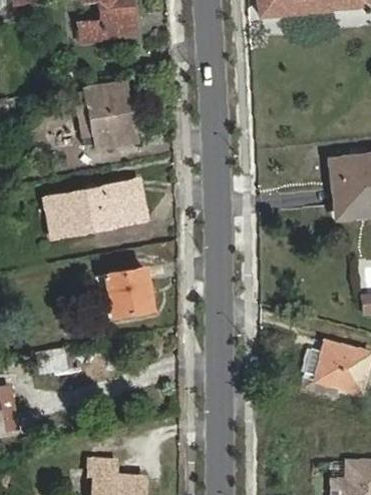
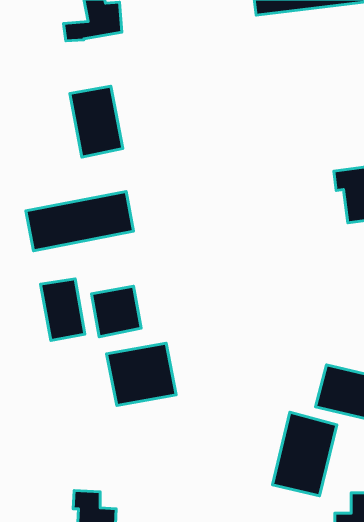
building: none -> [41,279,85,340]
building: none -> [107,343,176,406]
building: none -> [272,412,337,496]

